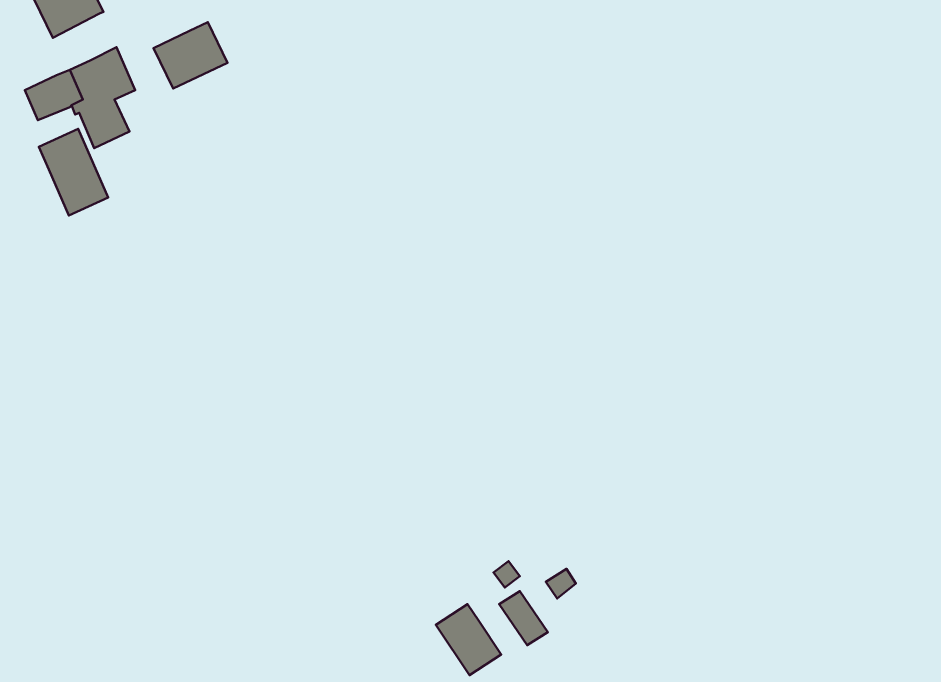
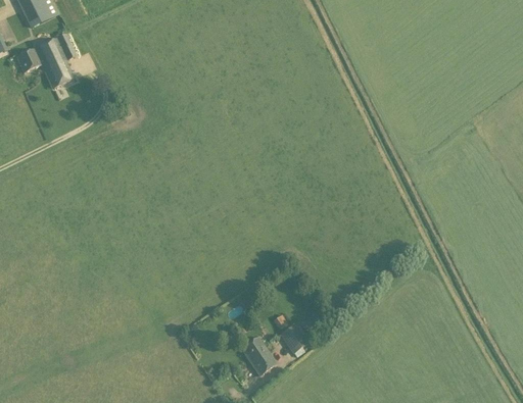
building: [153,22,227,89] -> none
building: [39,129,108,215] -> none

